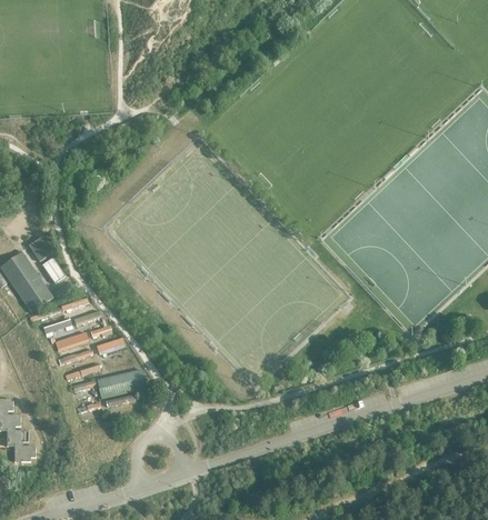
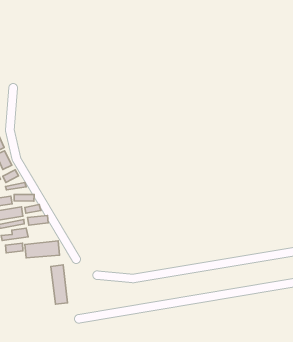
building: none -> [51,265,67,304]

